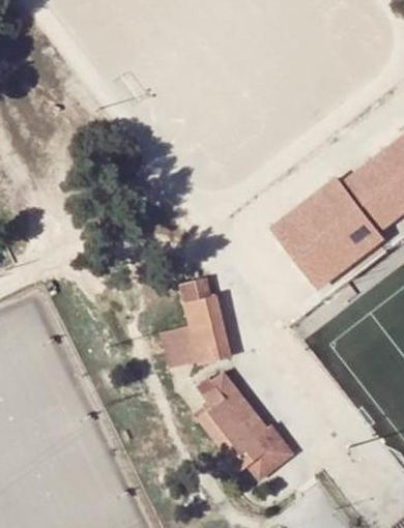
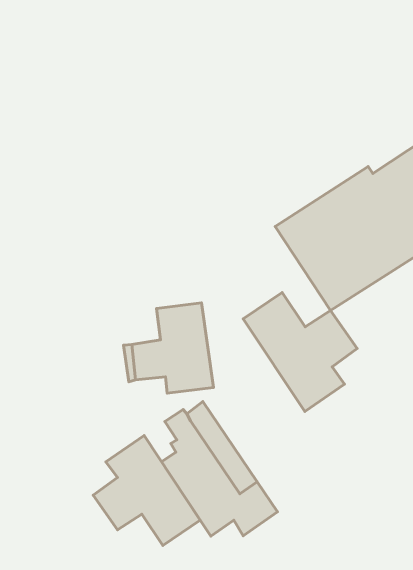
building: none -> [243,293,357,412]
building: none -> [93,436,200,546]

